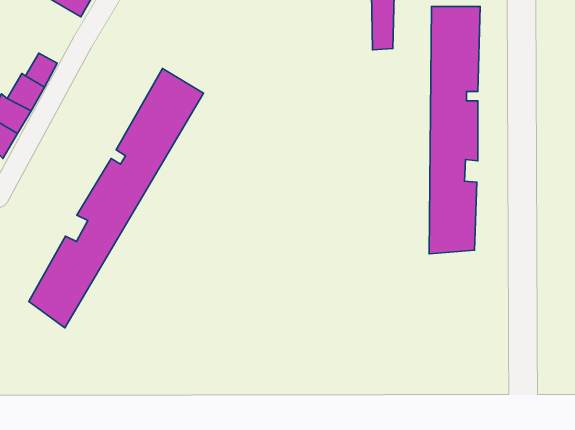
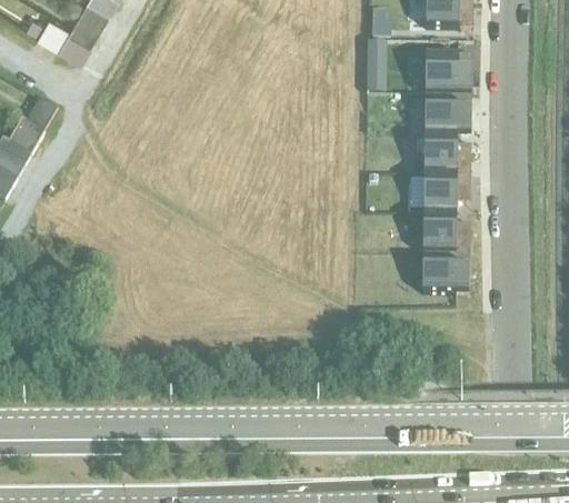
building: [29,68,203,328] -> none

